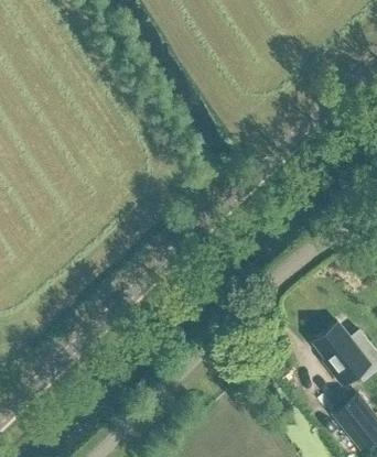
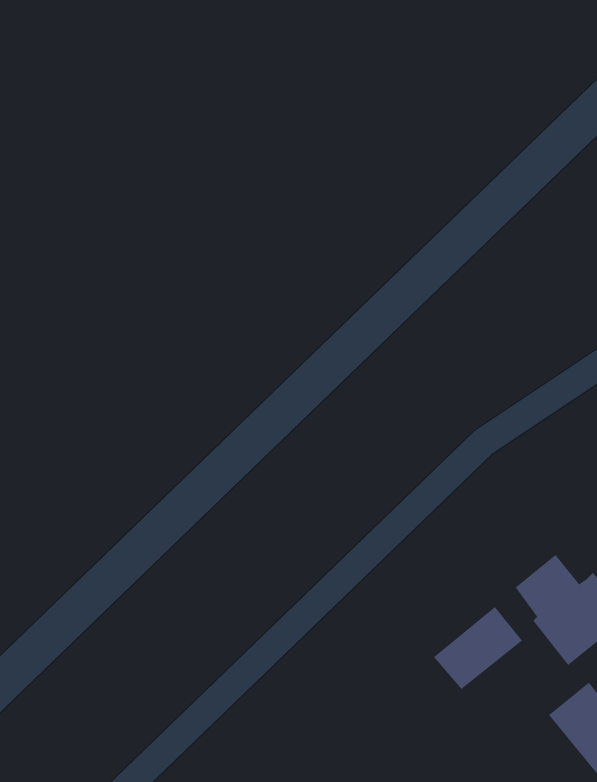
building: none -> [433,606,523,690]

